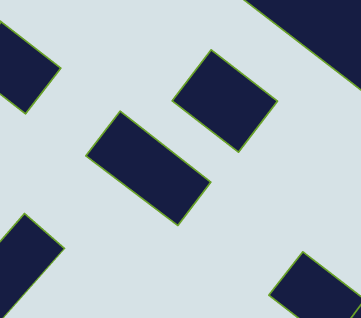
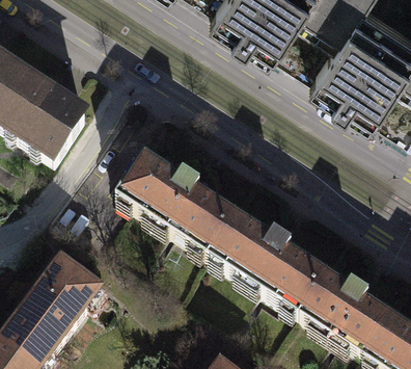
building: [172,50,278,152] -> none
building: none -> [208,207,328,310]

